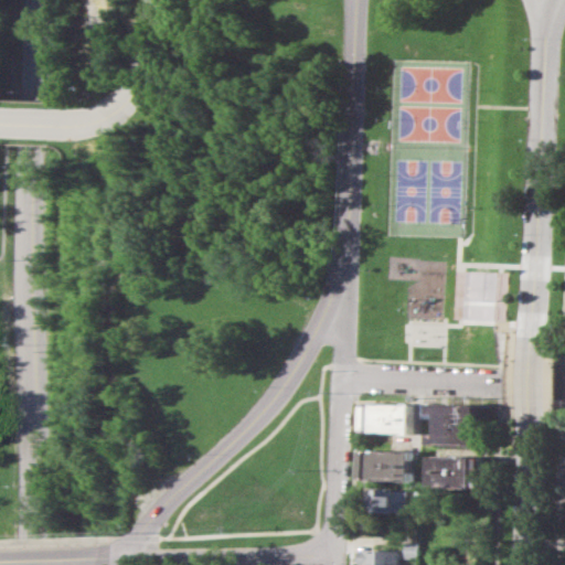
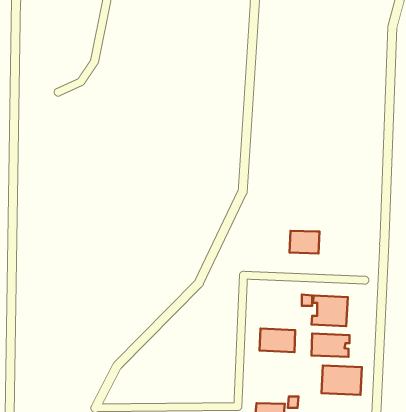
building: [358,404,409,436] -> none
building: [360,490,396,514] -> none
building: none -> [322,366,362,395]

